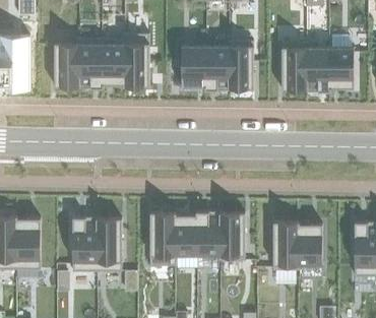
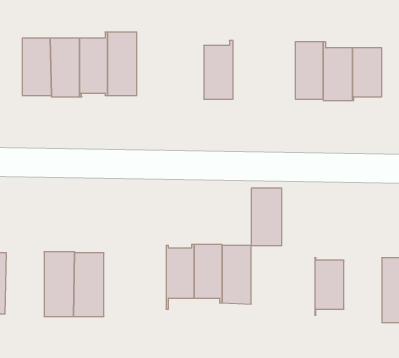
building: [229,41,252,88] -> none
building: [180,45,204,89] -> none
building: [148,211,173,264] -> none
building: [271,221,297,269] -> [251,188,282,246]

